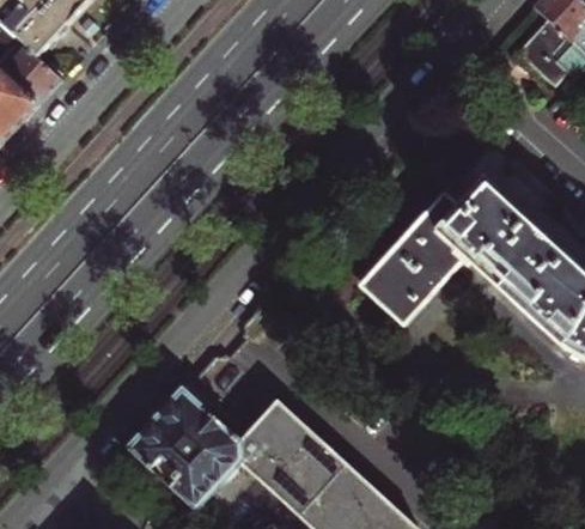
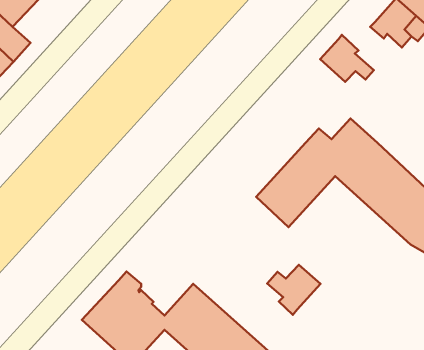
building: none -> [320,35,374,82]
building: none -> [267,265,320,315]

